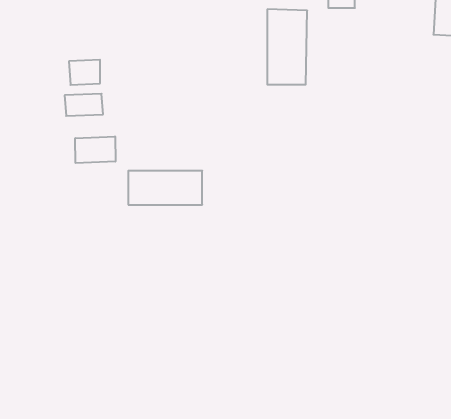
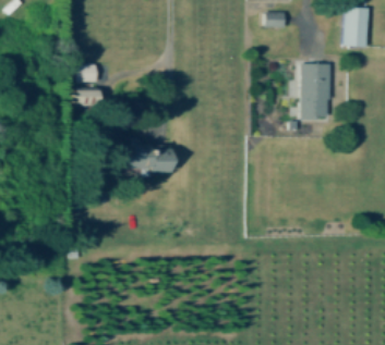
building: [267,9,307,85] -> [301,63,330,119]
building: [75,136,115,163] -> none

